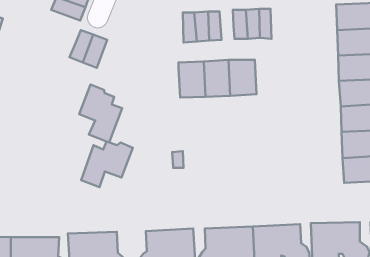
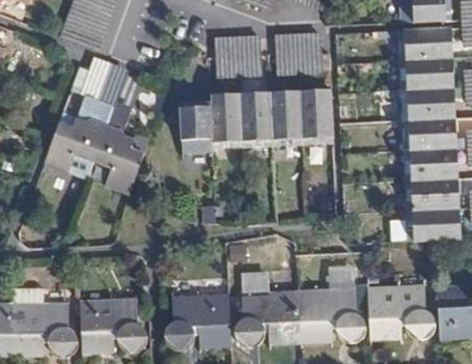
building: none -> [302,93,334,136]
building: none -> [182,105,214,142]
building: [81,142,133,187] -> [47,117,108,171]

